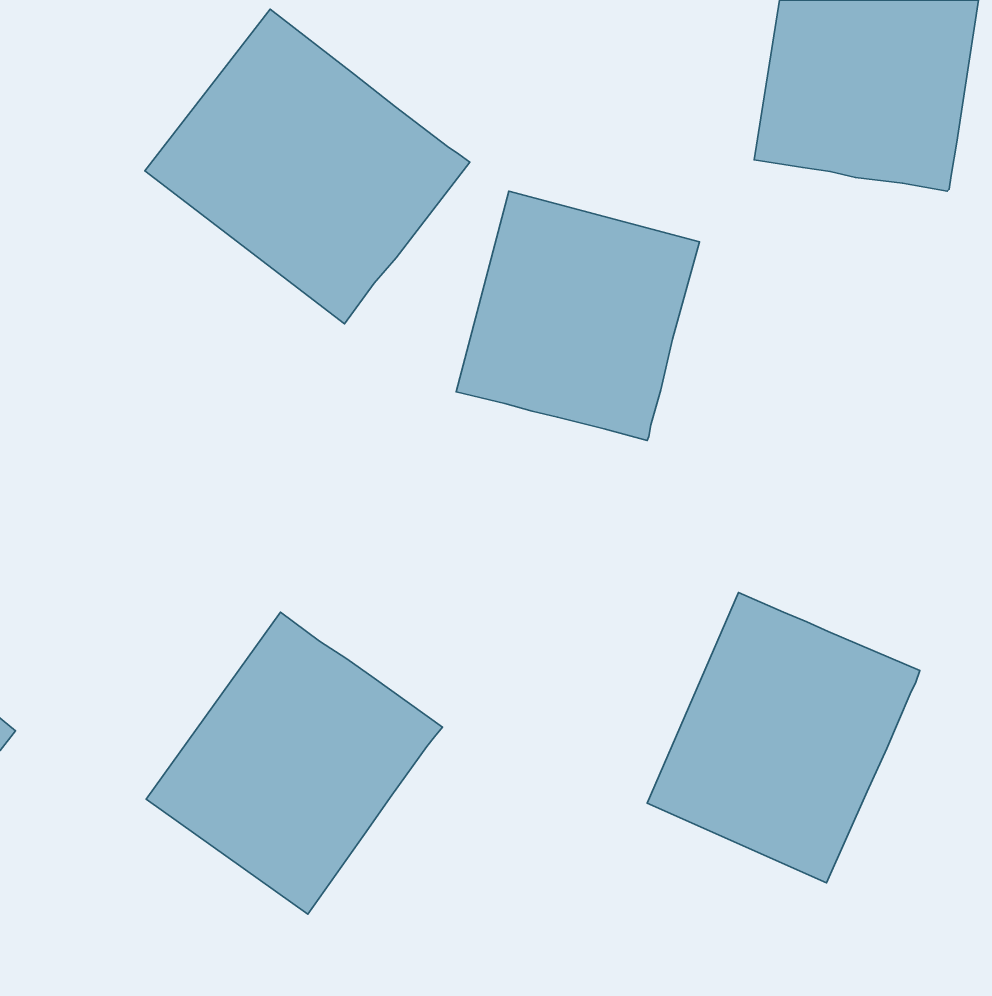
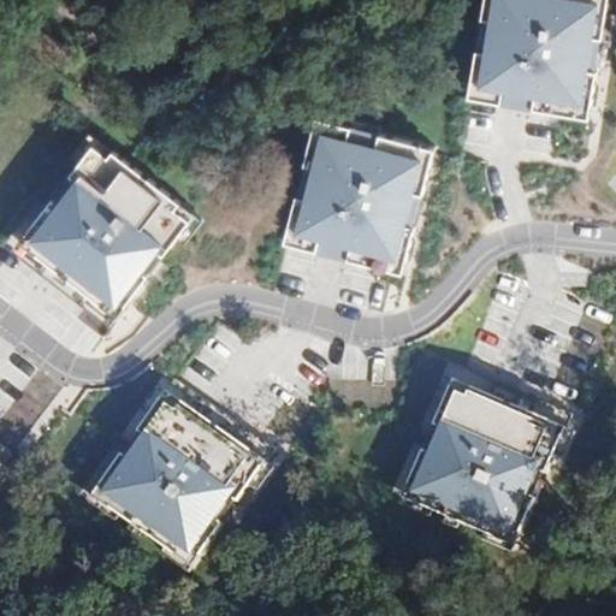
building: [145,9,470,324] -> none
building: none -> [10,138,192,325]

